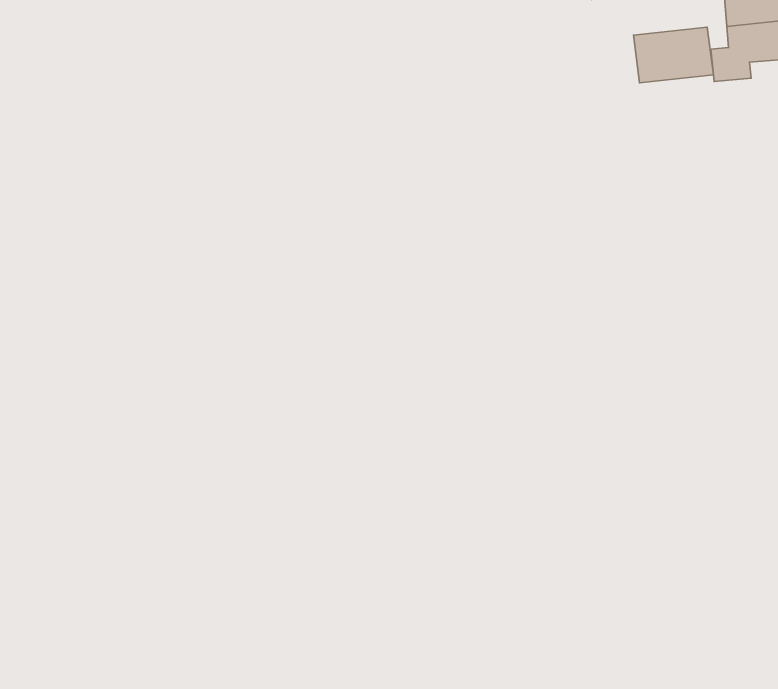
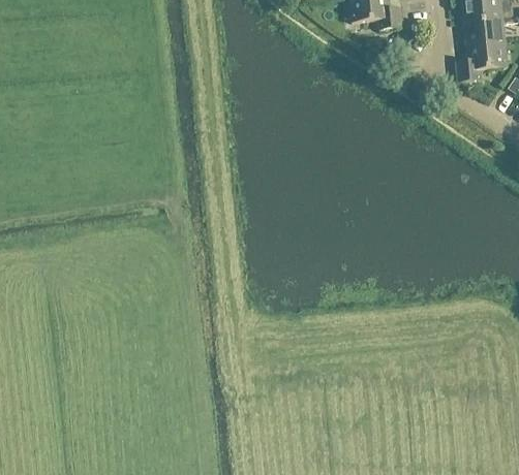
building: [633,27,713,83] -> none

